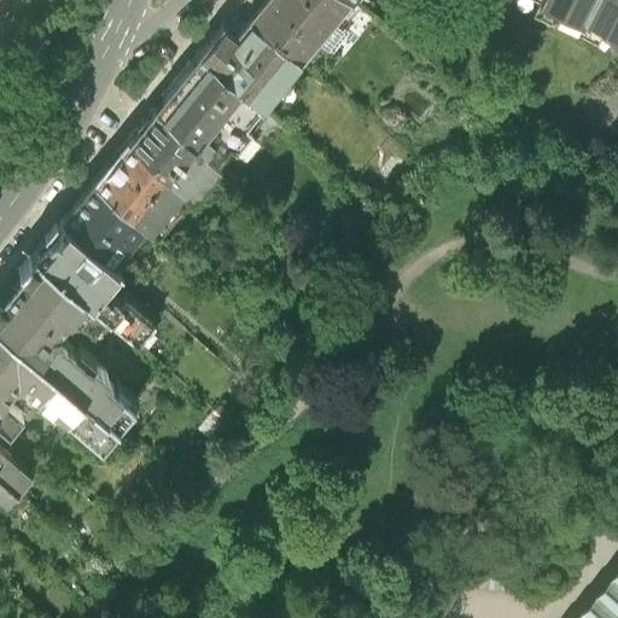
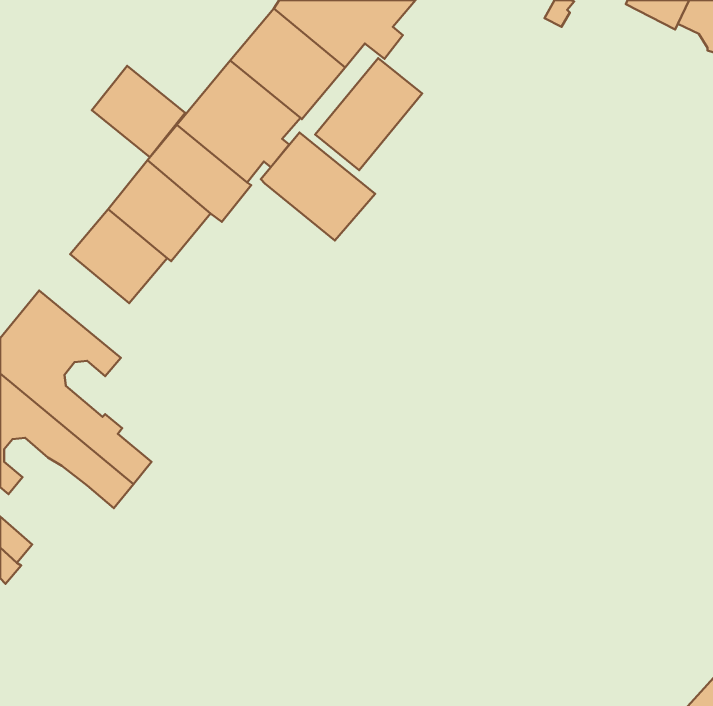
building: none -> [315,58,422,170]
building: none -> [92,66,185,157]
building: none -> [261,133,375,241]
building: [37,228,156,344] -> none

